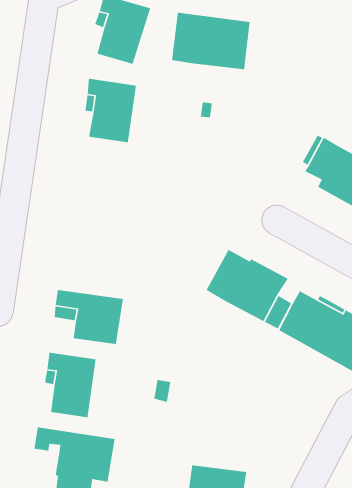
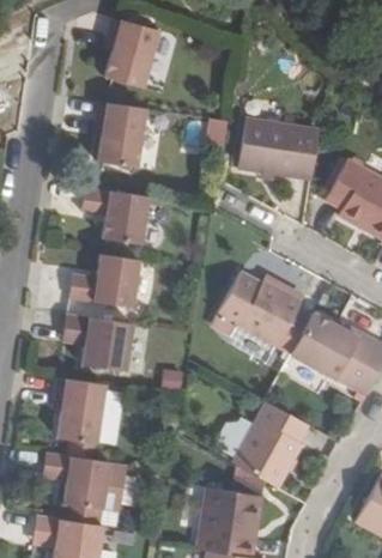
building: [171,12,251,70] -> [232,115,313,174]
building: none -> [86,187,152,241]
building: none -> [72,254,143,307]
building: none -> [235,405,309,490]

